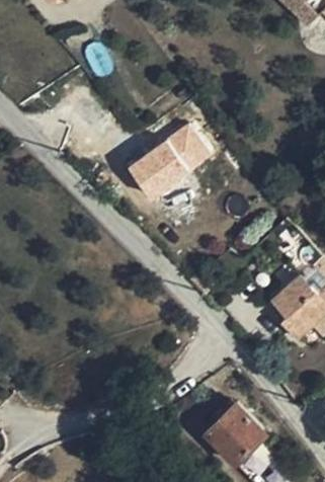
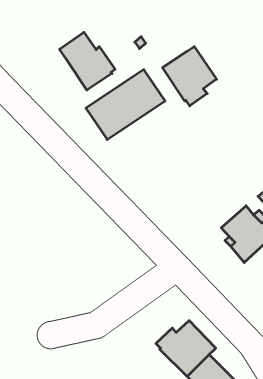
building: none -> [60,32,115,90]
building: none -> [163,47,217,106]

